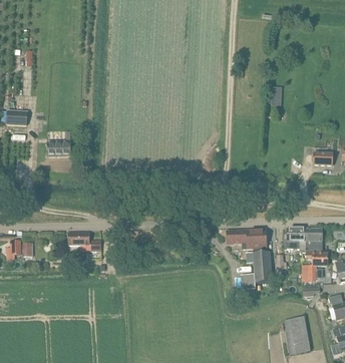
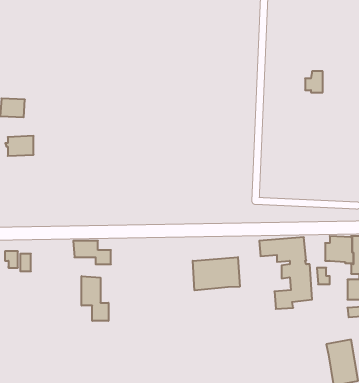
building: [46,139,70,156] -> [5,136,34,156]
building: none -> [193,257,240,290]
building: none -> [82,276,108,321]

